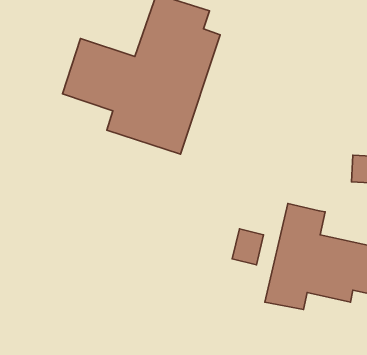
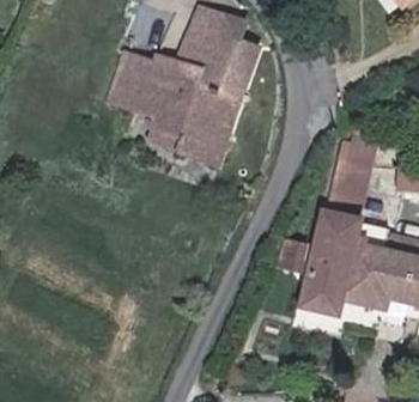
building: none -> [327,130,376,219]

